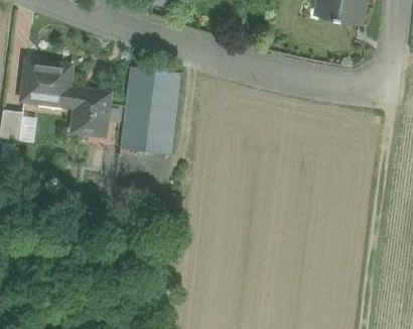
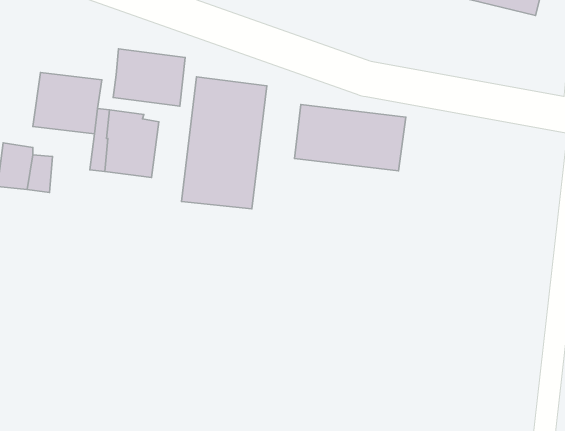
building: none -> [113,49,185,106]
building: none -> [295,104,406,171]

